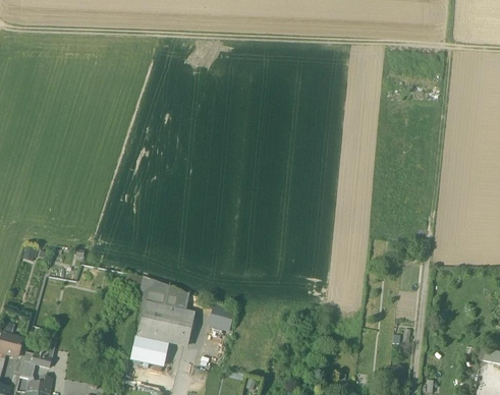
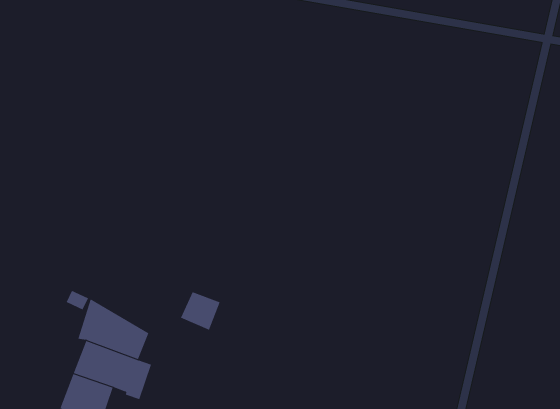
building: [207,304,234,331] -> [180,291,220,330]

